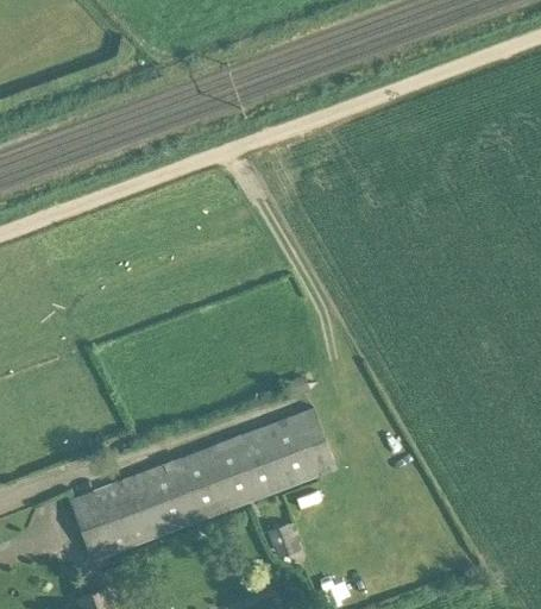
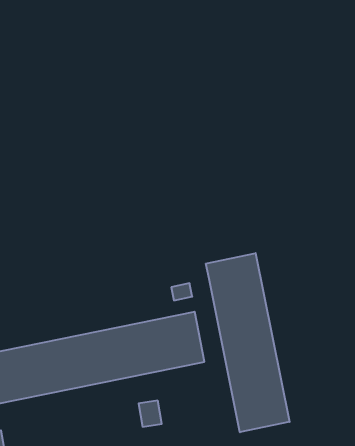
building: none -> [206,253,290,432]

